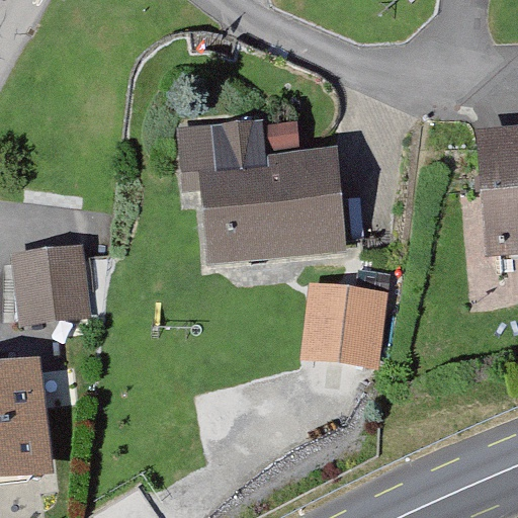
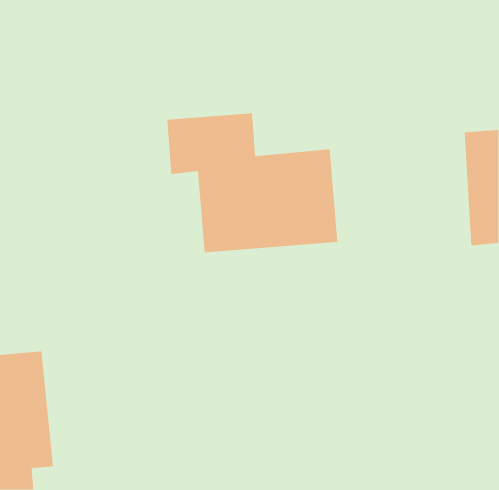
building: [7,247,90,328] -> none
building: [303,281,380,360] -> none

